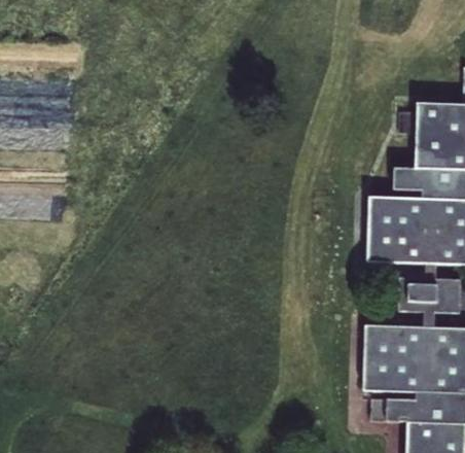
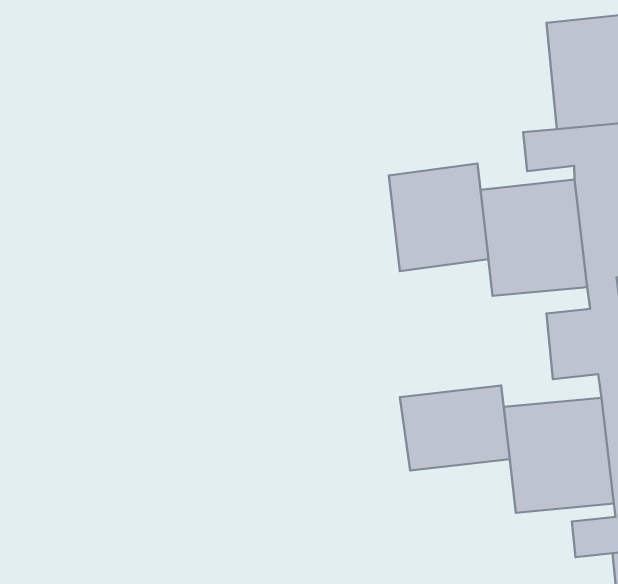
building: none -> [389,163,488,271]
building: none -> [400,386,510,471]

